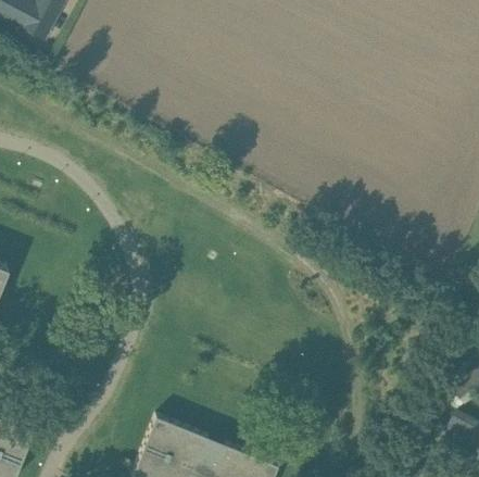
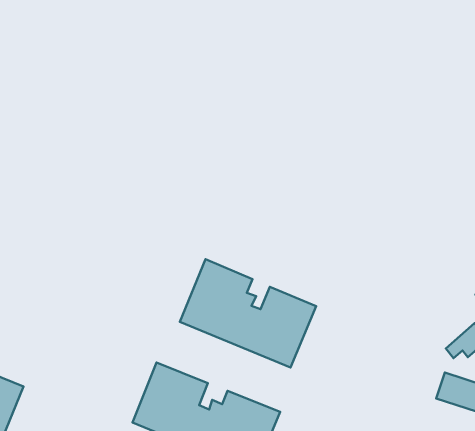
building: none -> [180,259,316,367]

